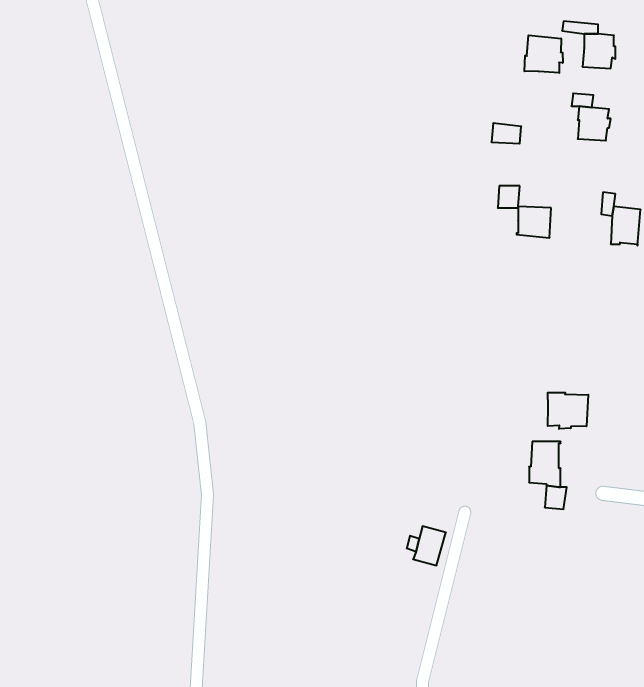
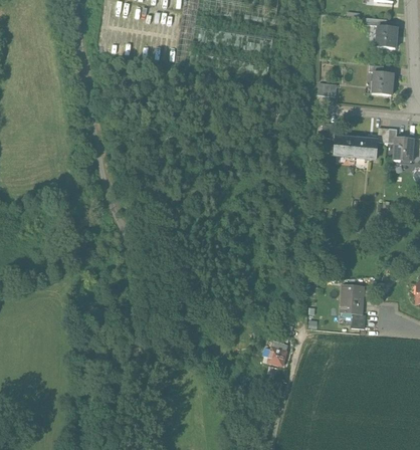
building: [524,35,563,73] -> none
building: none -> [355,138,378,159]
building: [548,393,588,429] -> none

